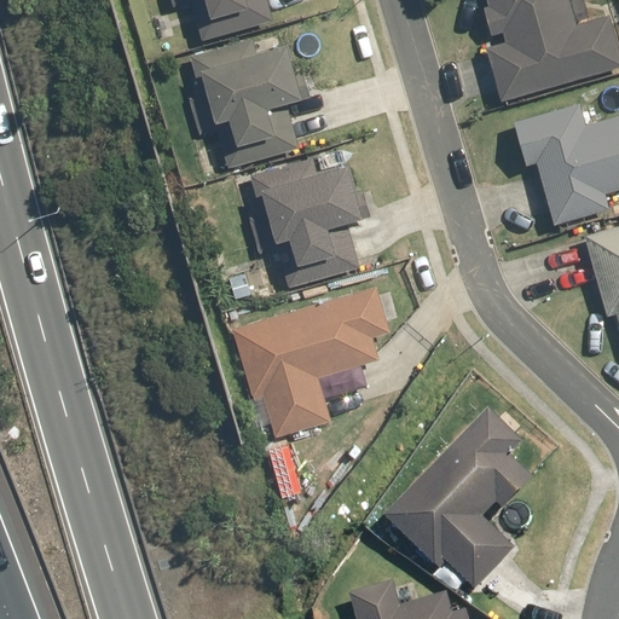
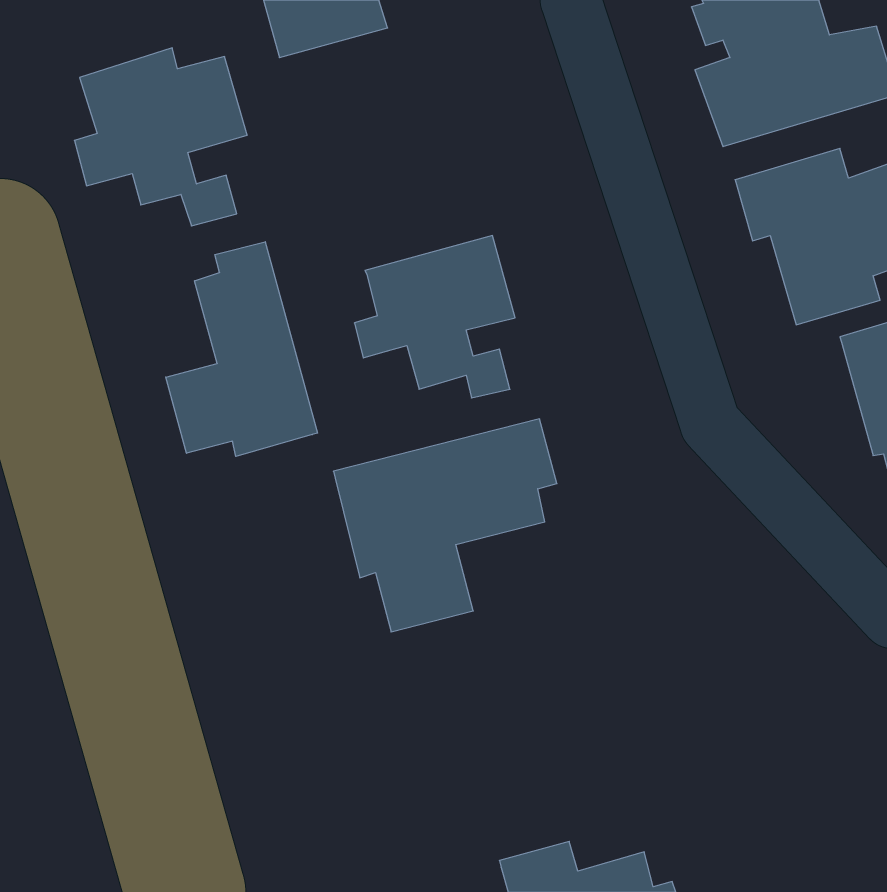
building: [189,37,308,161] -> [74,48,247,226]
building: none -> [166,242,318,456]
building: [383,416,537,594] -> none

